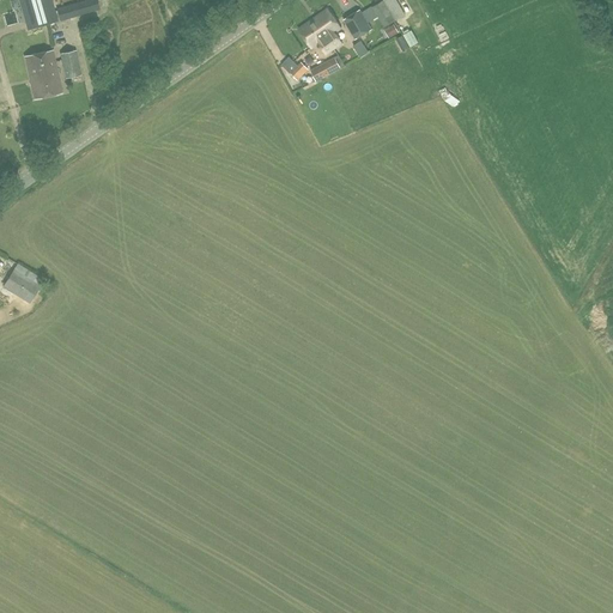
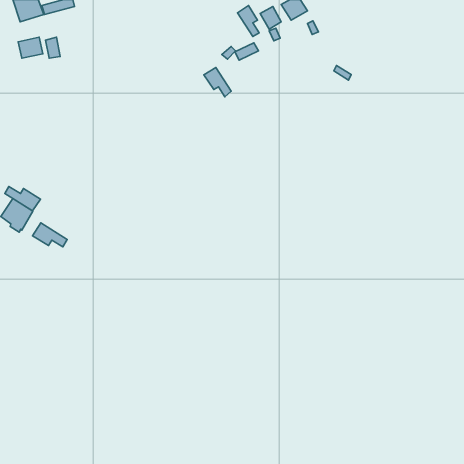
building: [297,17,333,55] -> [204,68,231,97]
building: [29,71,61,97] -> none
building: none -> [5,186,40,211]
building: none -> [32,223,67,247]

